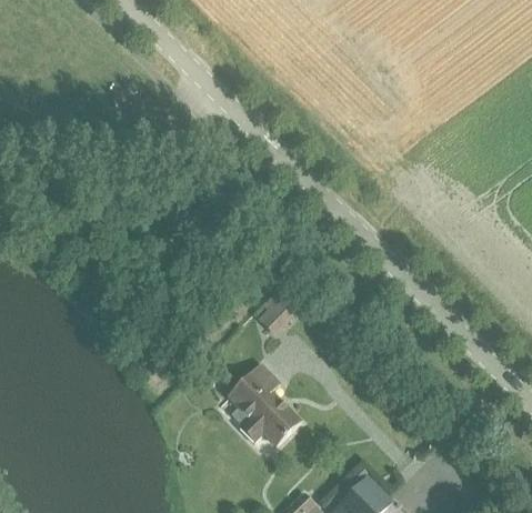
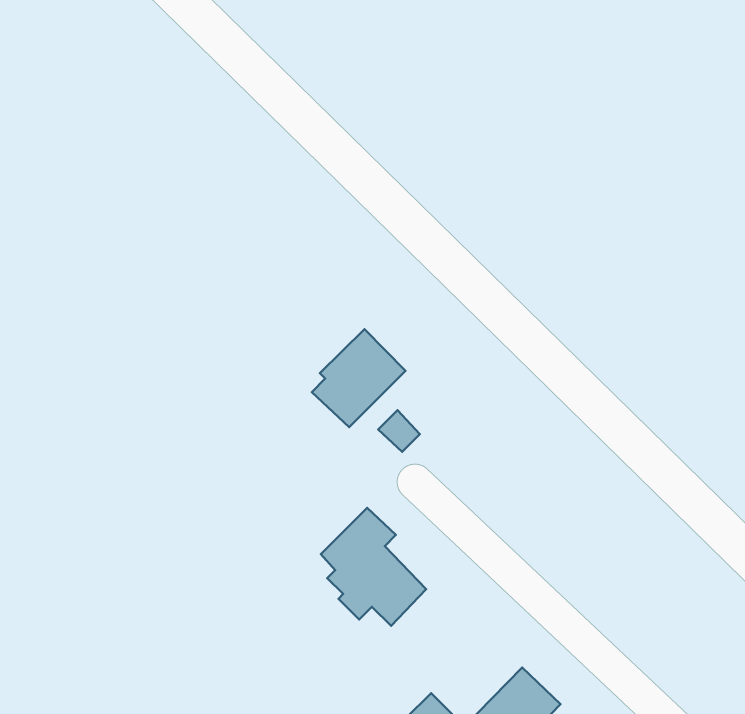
building: none -> [312,329,405,427]

